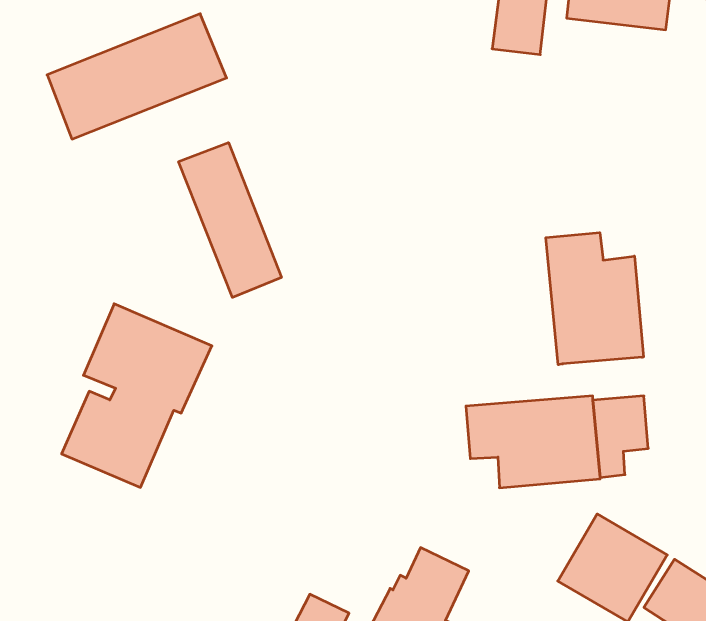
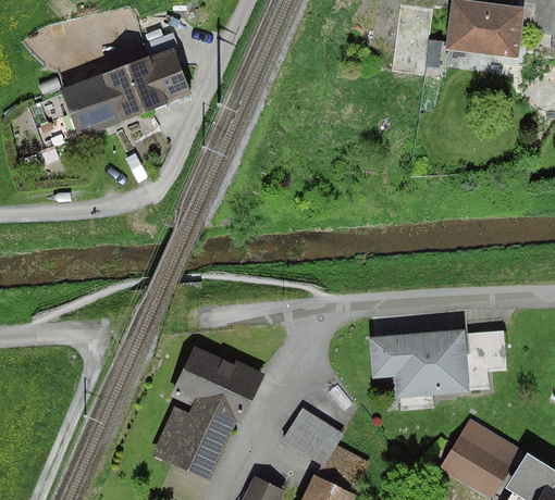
building: [179,143,281,297] -> none
building: [546,233,643,365] -> none
building: [62,304,212,487] -> [152,342,264,479]
building: none -> [281,408,343,466]

